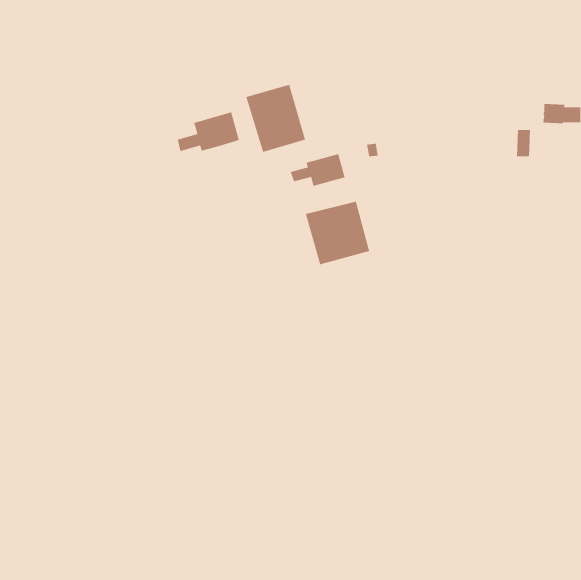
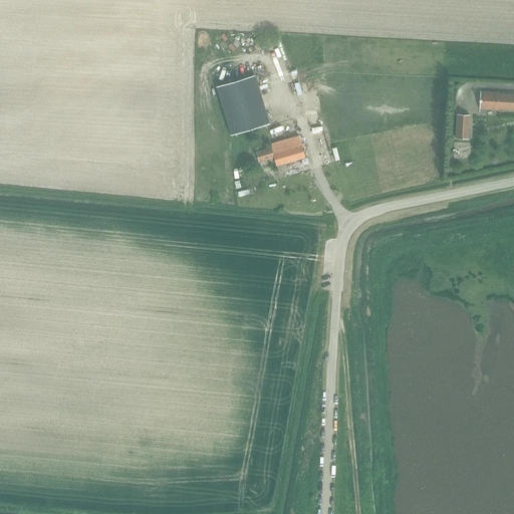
building: [177,112,240,152] -> none
building: [305,201,370,265] -> none

